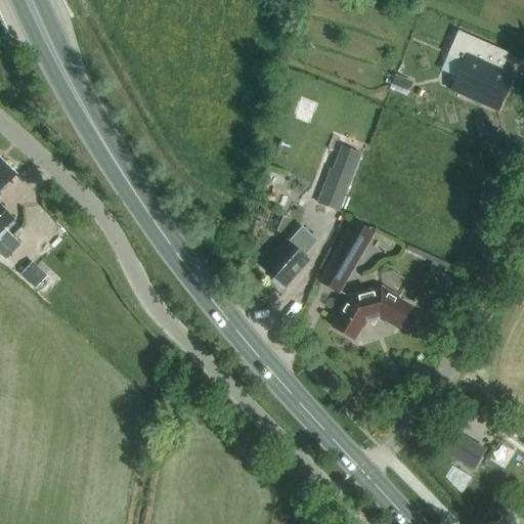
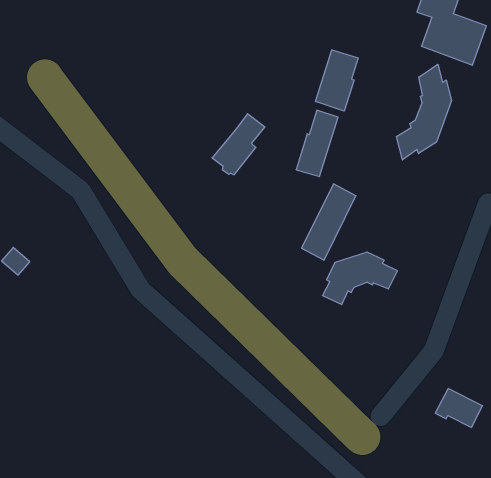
building: none -> [316,50,358,111]
building: none -> [397,64,451,160]
building: [265,226,319,286] -> [212,114,265,175]

